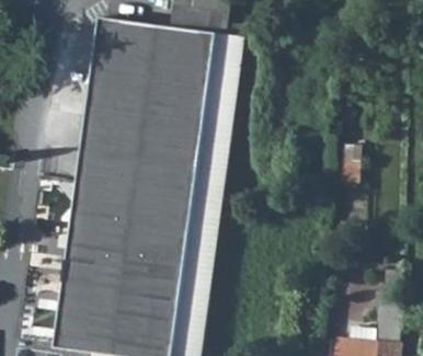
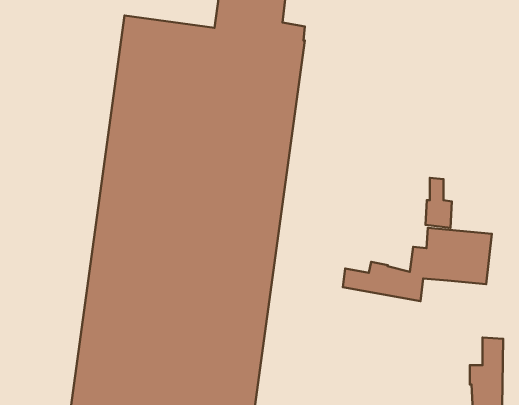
building: none -> [343,228,492,301]

